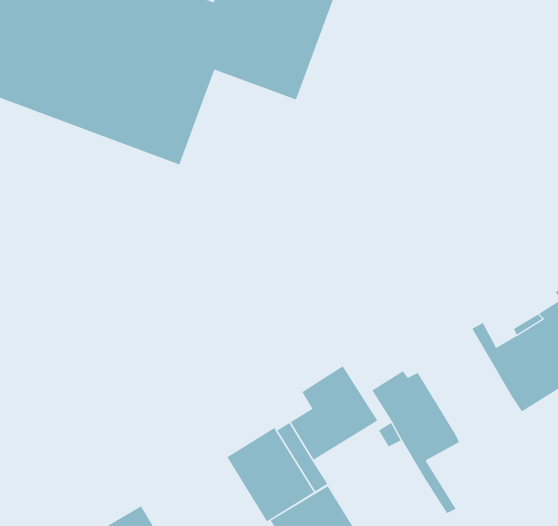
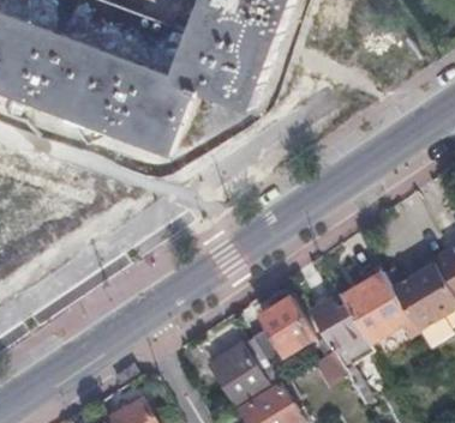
building: none -> [340,271,411,345]

